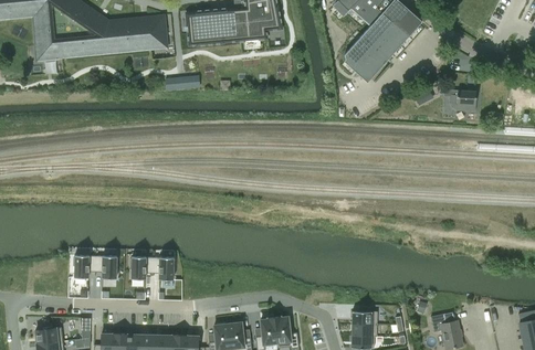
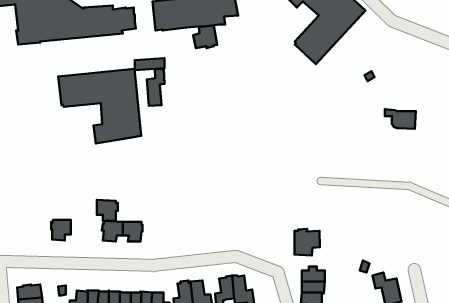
building: none -> [193,25,217,48]
building: none -> [147,69,165,106]
building: none -> [58,69,141,144]
building: [442,88,476,110] -> [385,109,416,129]
building: [95,255,118,278] -> [97,200,118,221]
building: none -> [294,229,320,255]

